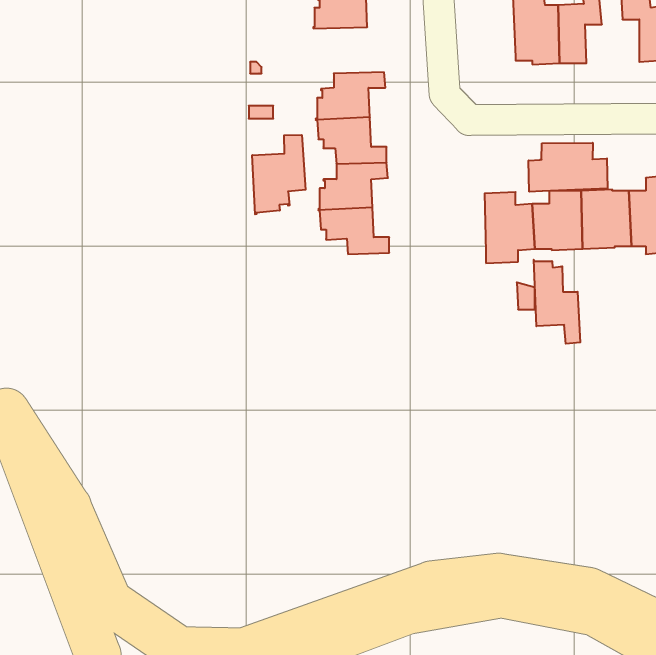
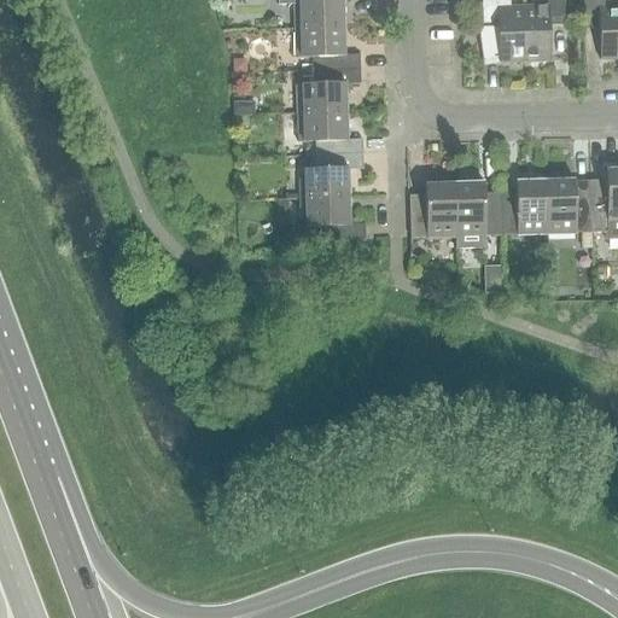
building: none -> [296,25,362,69]
building: [252,135,306,214] -> none
building: [529,143,607,192] -> none
building: none -> [410,181,457,237]
building: [534,260,580,344] -> none

